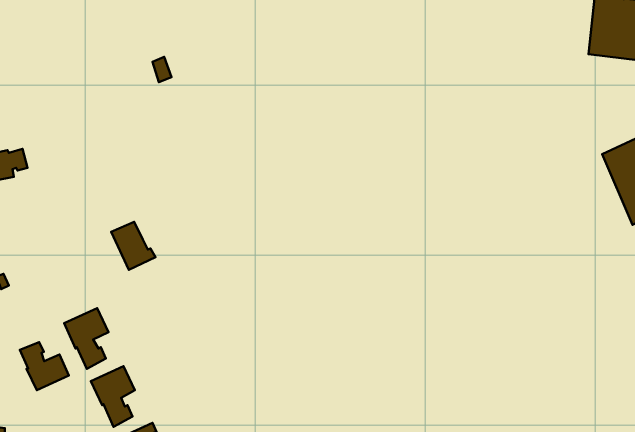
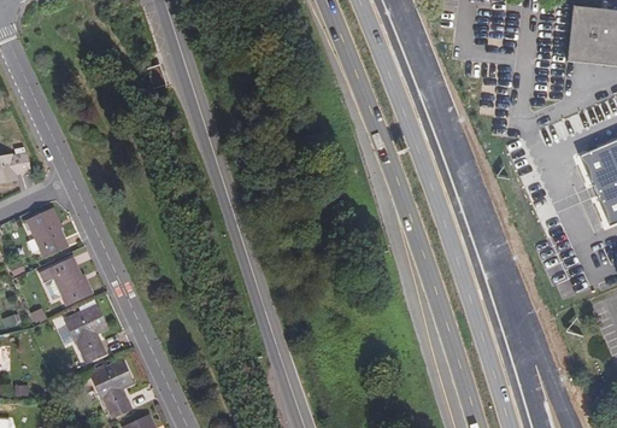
building: none -> [28,207,67,256]
building: [111,222,155,270] -> [51,258,93,304]
building: [20,342,69,390] -> none

